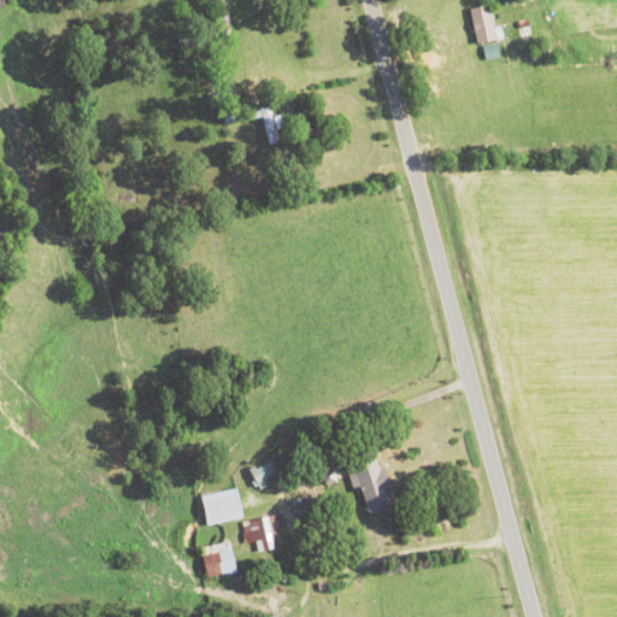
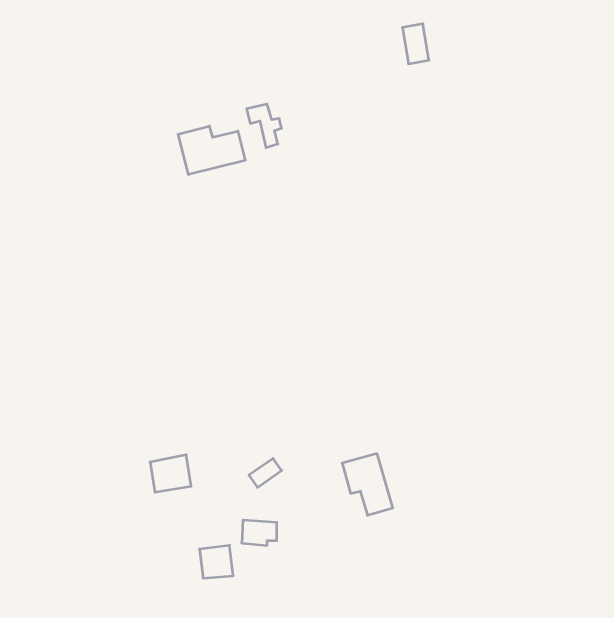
building: [471,5,498,45] -> [402,24,429,64]
building: none -> [178,126,245,175]
building: [202,489,243,527] -> [150,455,191,492]

